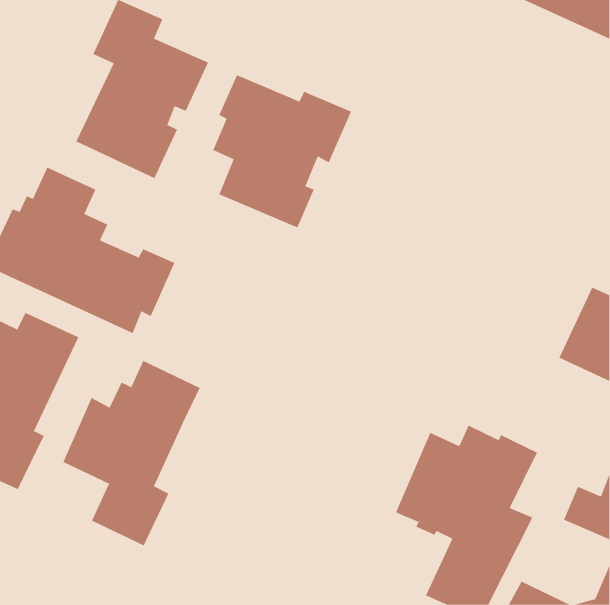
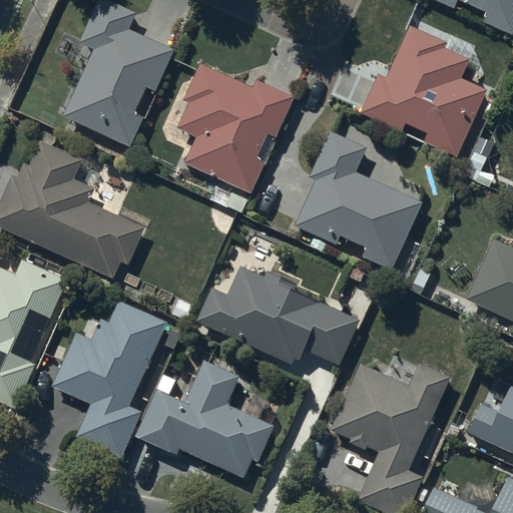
building: none -> [360,20,498,171]
building: none -> [294,131,422,270]
building: none -> [194,266,359,364]
building: none -> [137,361,275,478]

